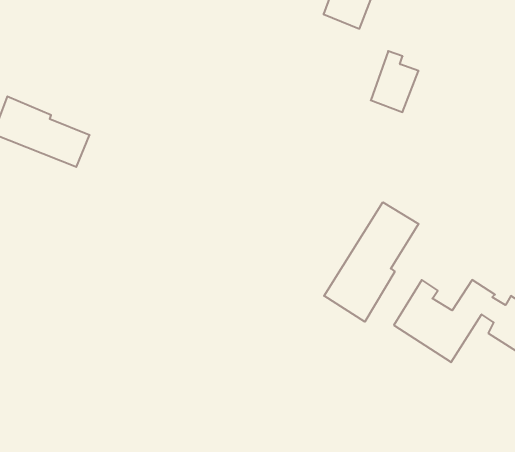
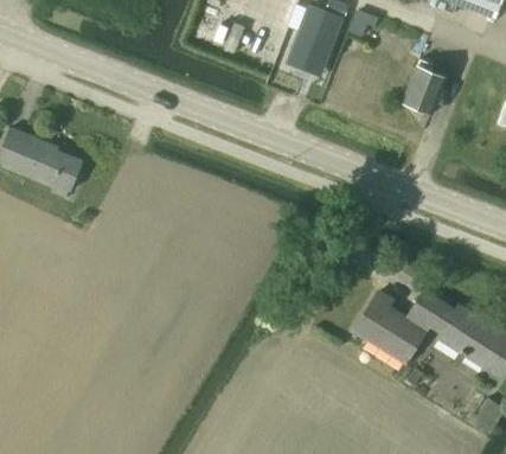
building: [371,51,419,112] -> [403,58,446,113]
building: [324,202,419,322] -> none

